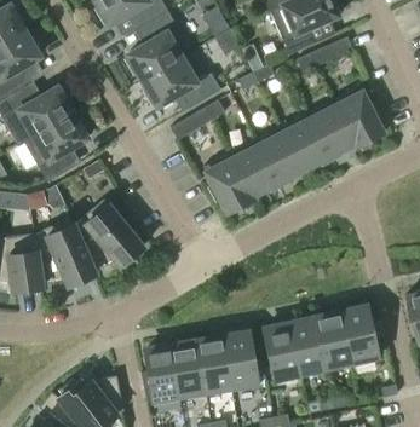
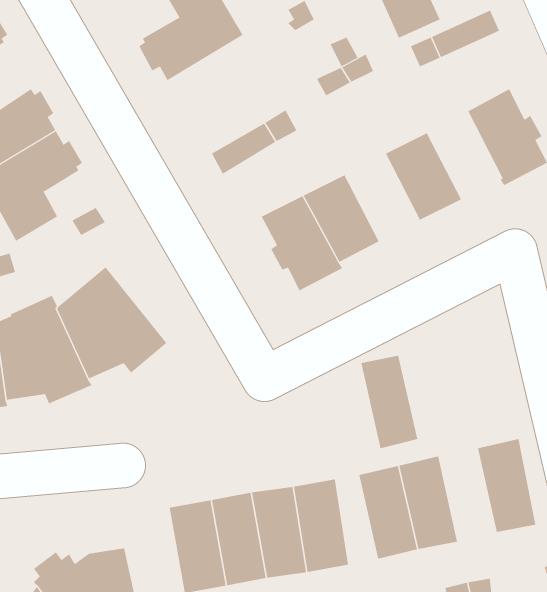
building: [143,52,220,108] -> none
building: [307,100,355,156] -> none
building: [255,127,303,183] -> none
building: [315,313,351,373] -> [361,355,418,449]

